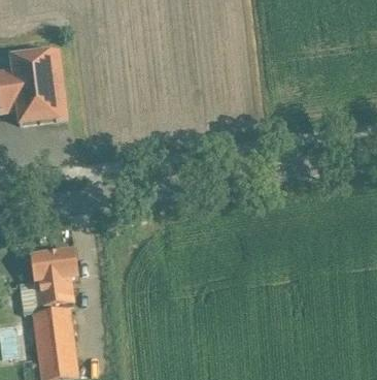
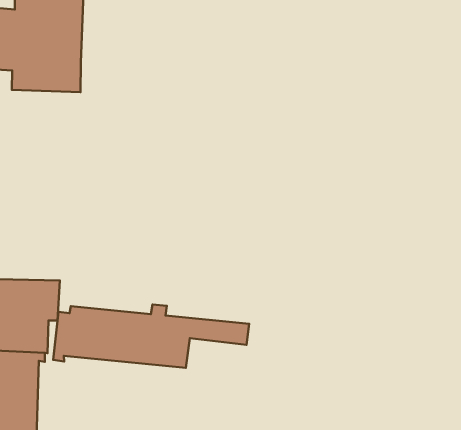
building: none -> [53,304,249,368]

